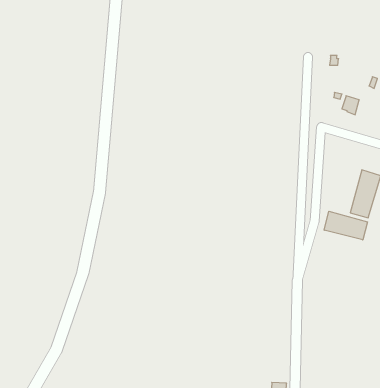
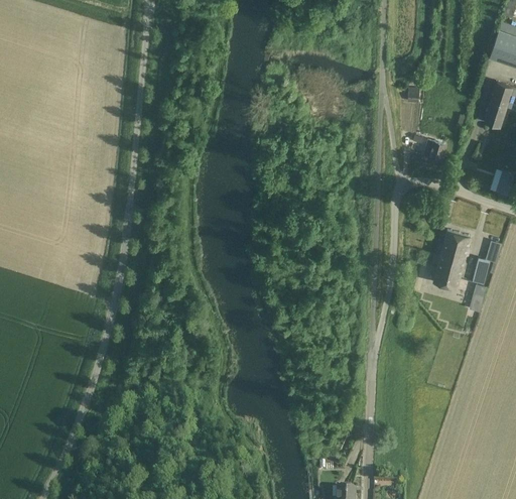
building: [324,211,368,240] -> none

